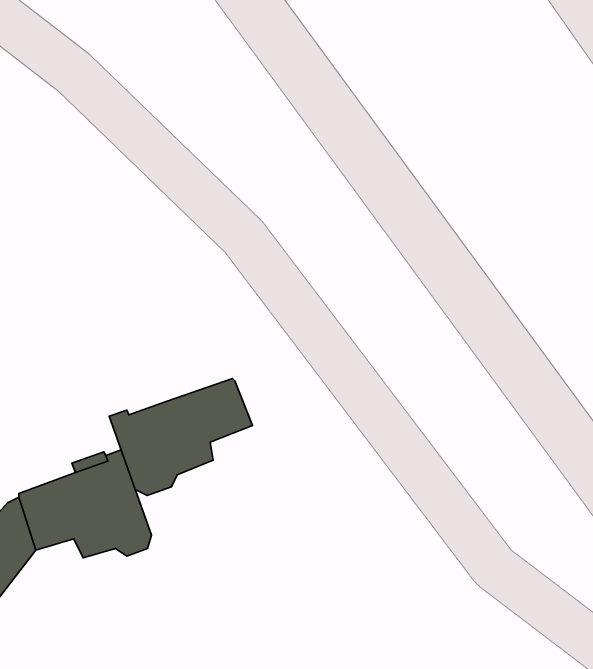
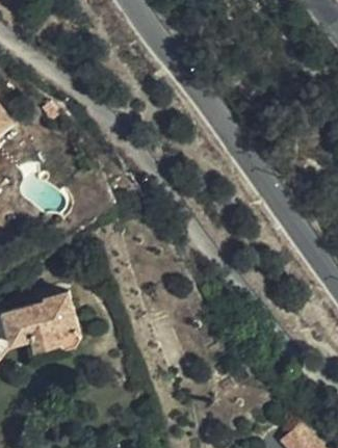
building: [109,379,253,495] -> none

